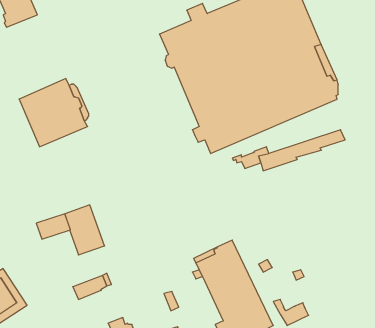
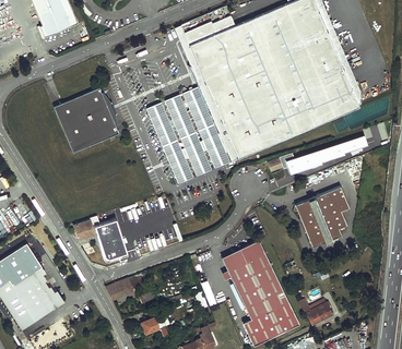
building: none -> [145,25,238,185]
building: none -> [294,186,348,248]

